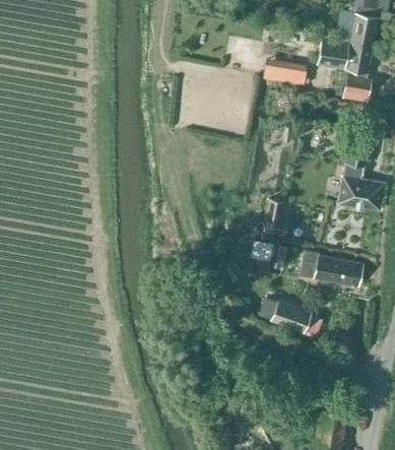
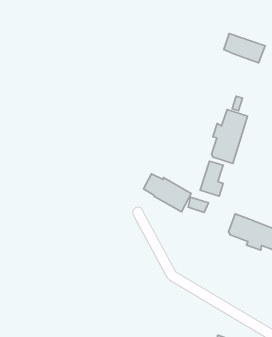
building: none -> [211,109,248,164]
building: [260,298,312,333] -> [144,174,191,212]

